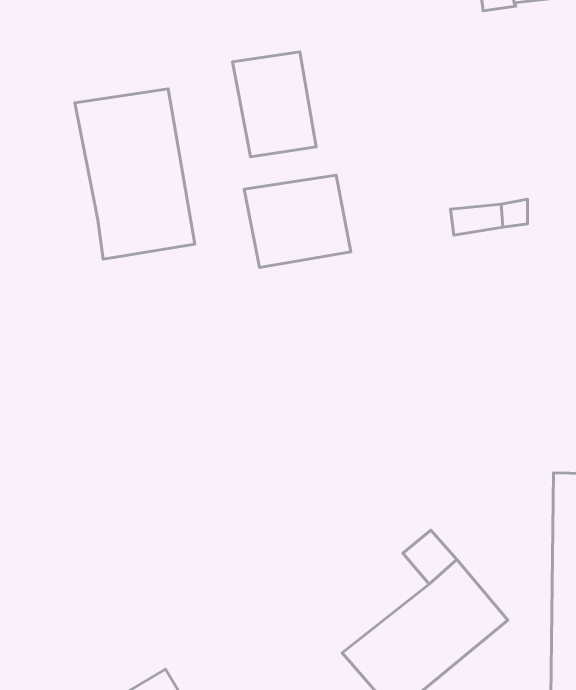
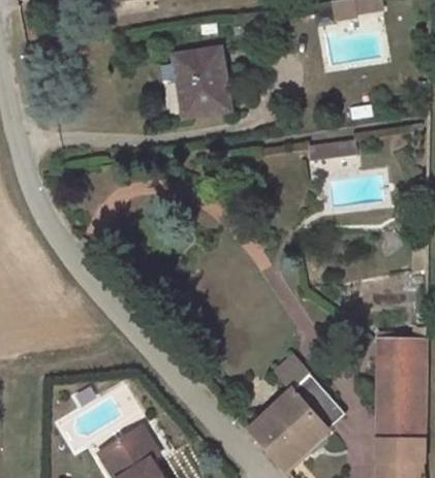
building: [75,89,195,259] -> none
building: [244,175,351,268] -> none

